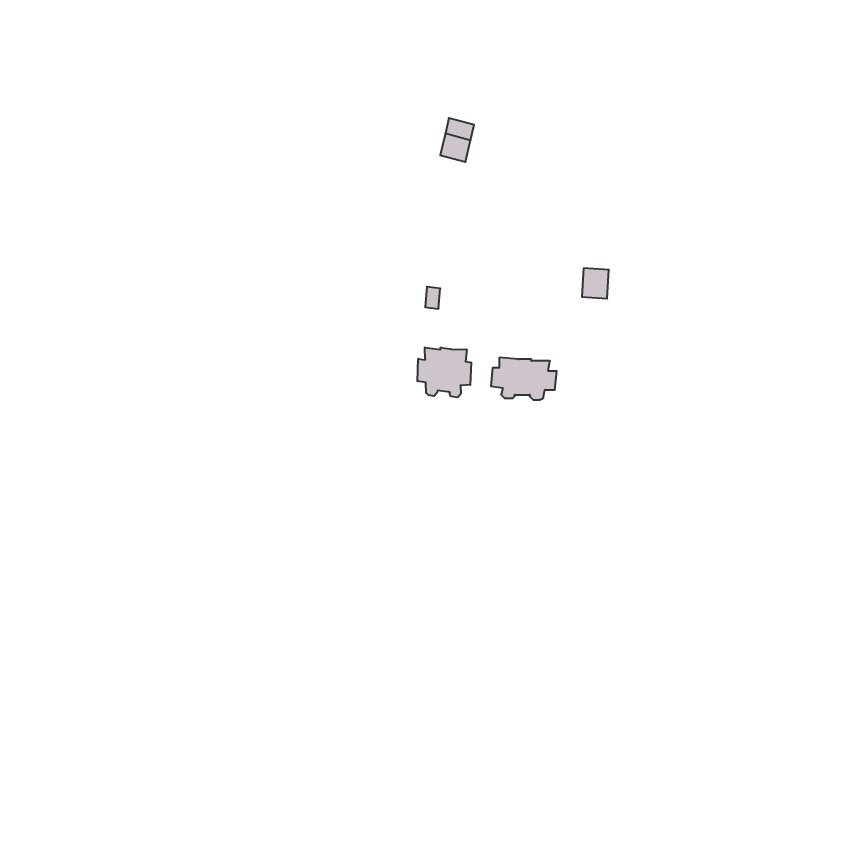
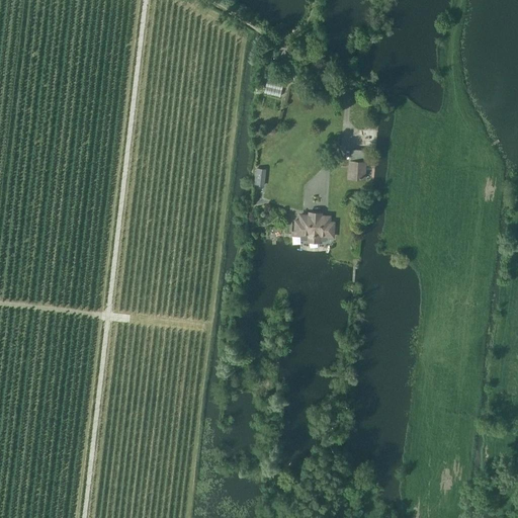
building: [417,347,471,397] -> none

